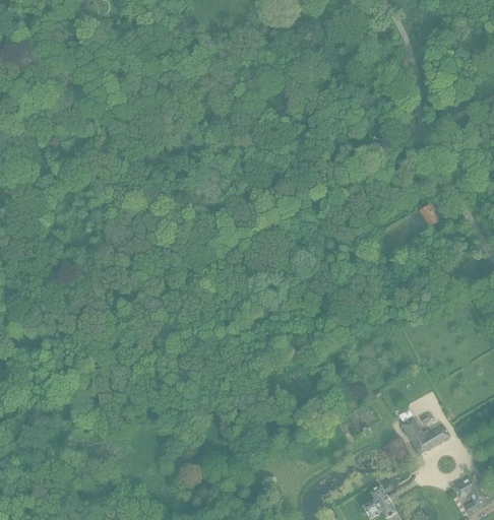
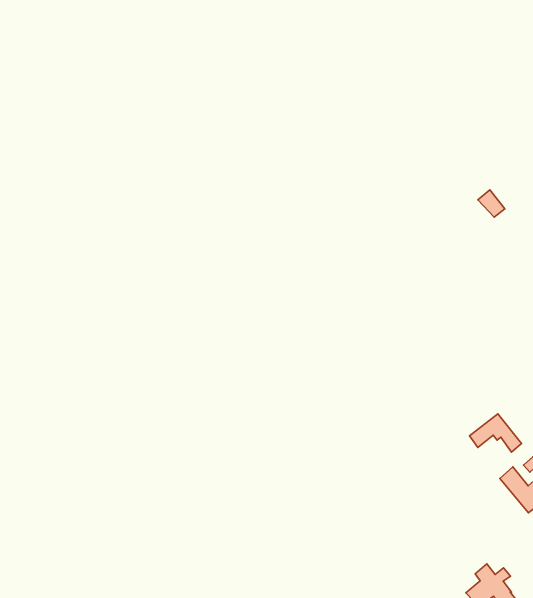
building: none -> [470,414,522,452]

